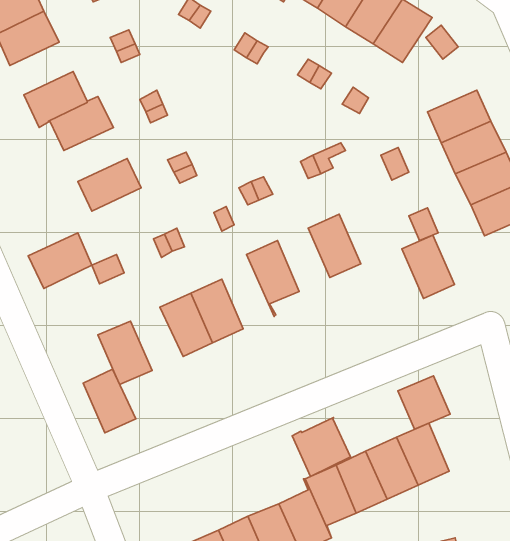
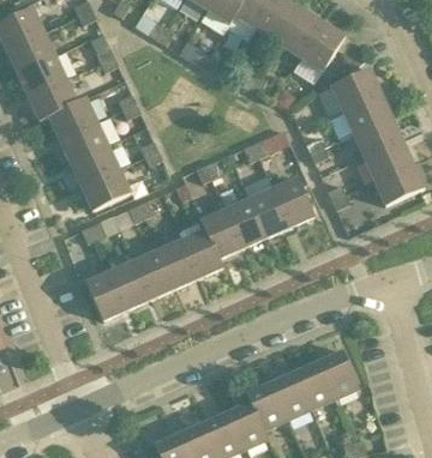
building: none -> [17,55,66,96]
building: none -> [330,68,379,109]
building: none -> [59,121,108,163]
building: none -> [224,199,265,248]
building: [28,233,92,288] -> [80,168,130,211]
building: [402,235,454,299] -> [272,177,313,227]
building: none -> [181,219,222,277]
building: [83,369,136,433] -> [110,260,151,309]
building: [398,376,450,429] -> none
building: [292,417,351,477] -> none

